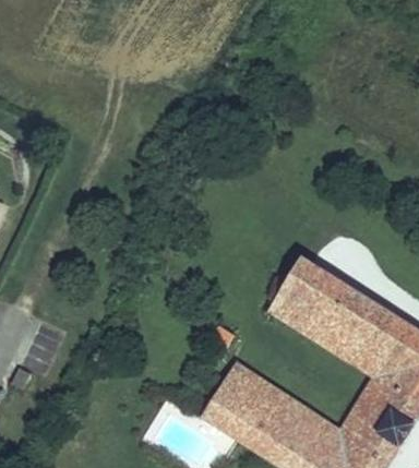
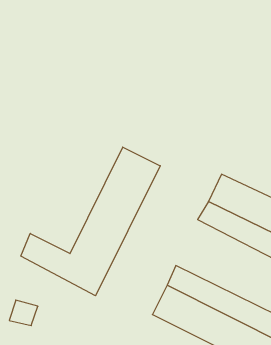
building: none -> [21,147,160,296]

